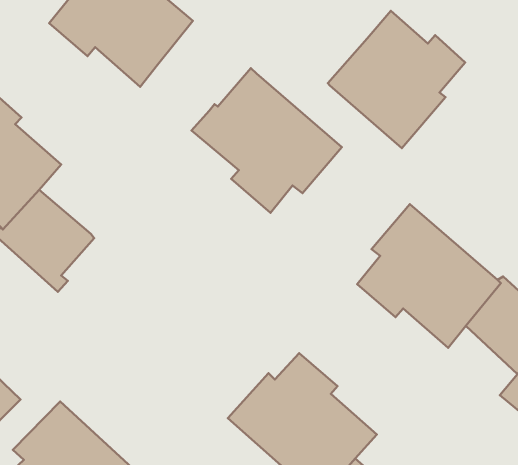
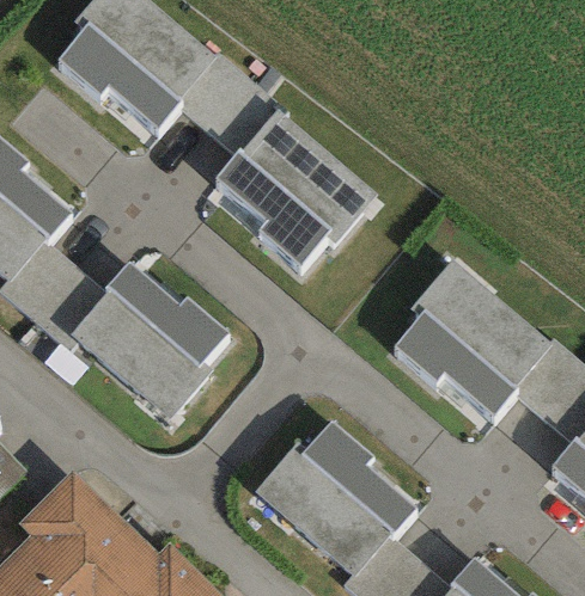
building: [328,11,465,148] -> none
building: none -> [176,51,286,156]
building: none -> [71,264,227,420]

